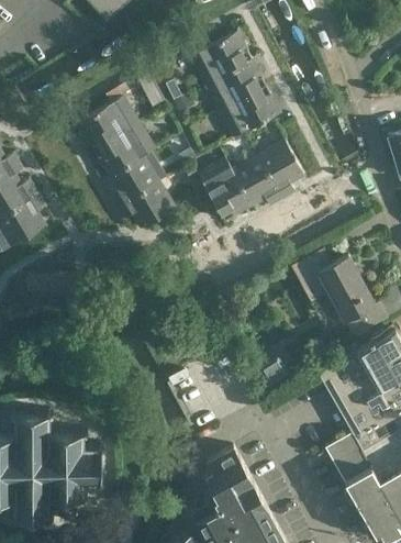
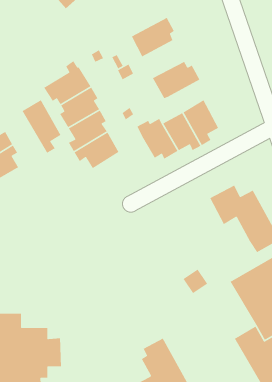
building: [204,59,261,111] -> none
building: none -> [22,99,62,154]

